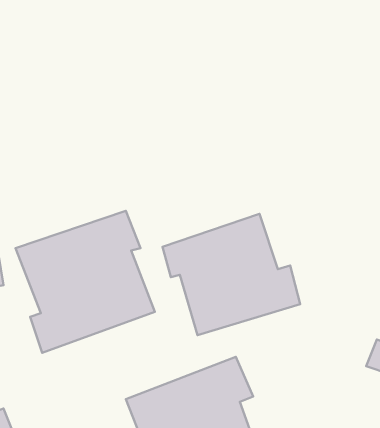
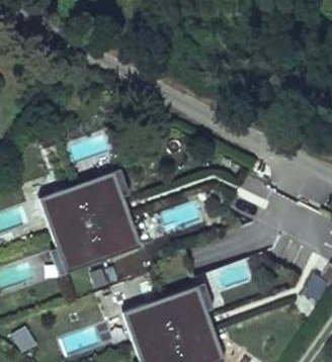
building: [162,214,300,335] -> none

